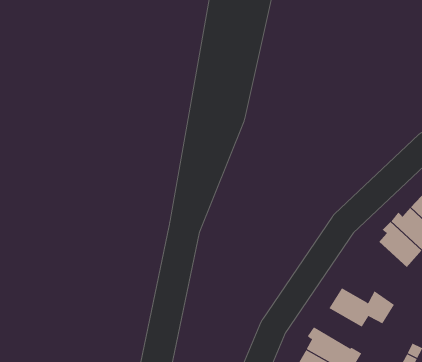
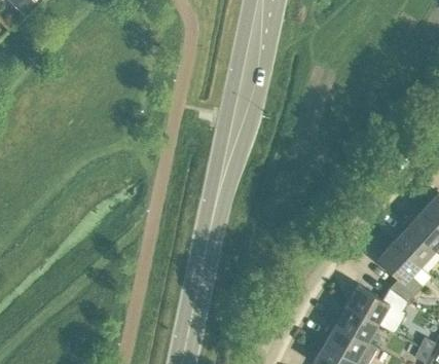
building: none -> [377,242,424,301]
building: none -> [332,304,378,342]

